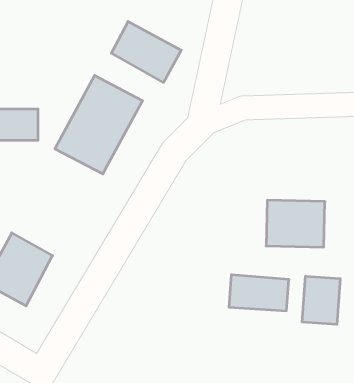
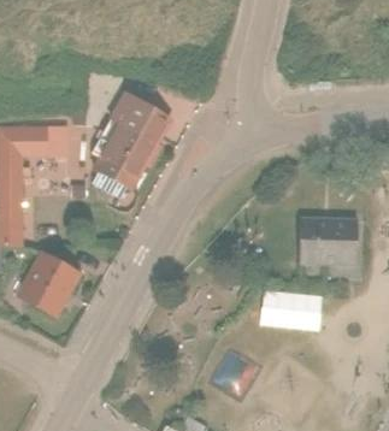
building: [111,21,181,82] -> none
building: [302,276,340,324] -> none

